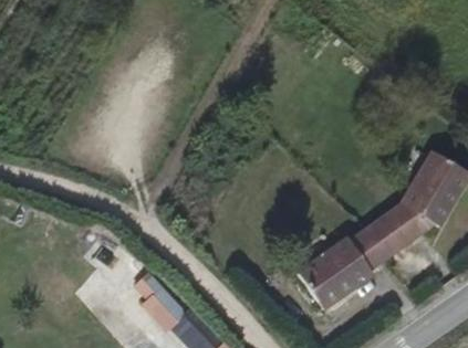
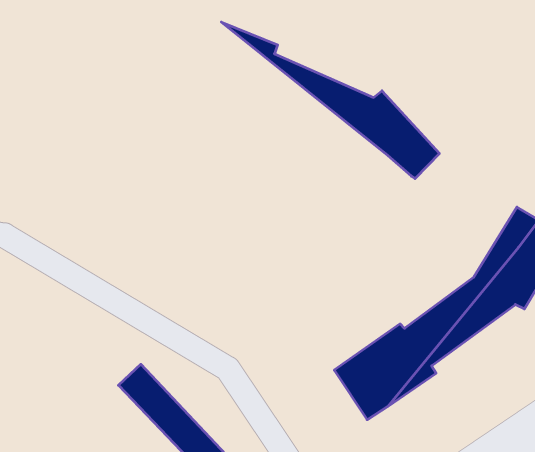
building: none -> [221,22,439,179]

